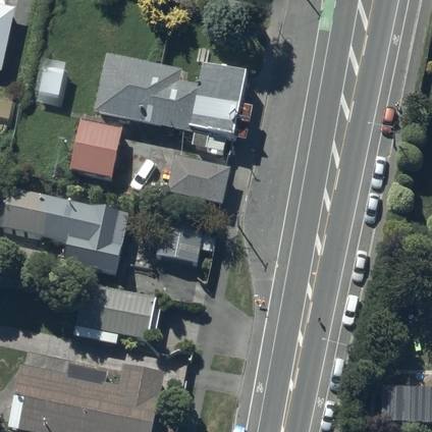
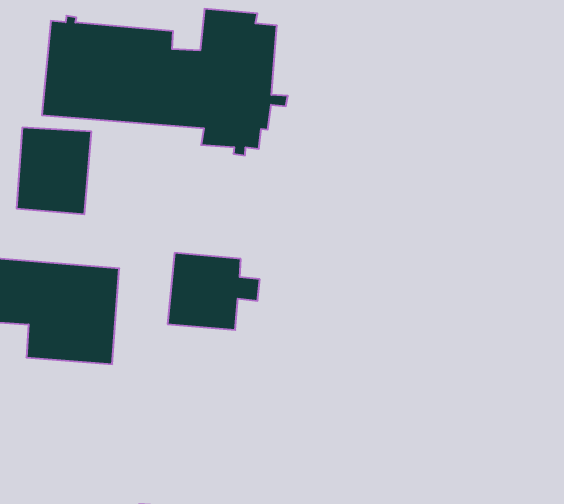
building: [166,156,230,206] -> none
building: [72,281,157,343] -> none

